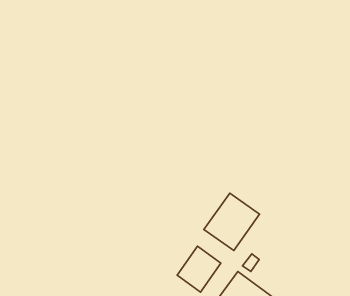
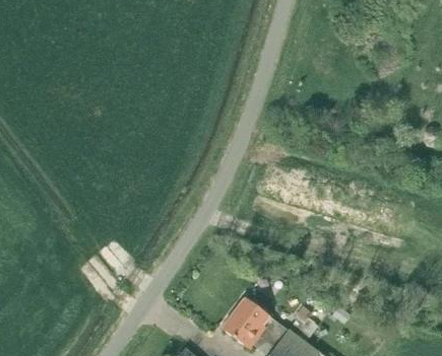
building: [204,193,260,251] -> none

